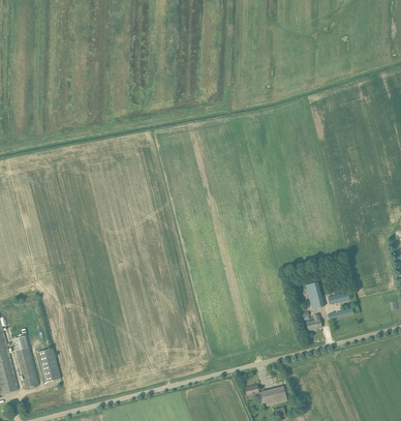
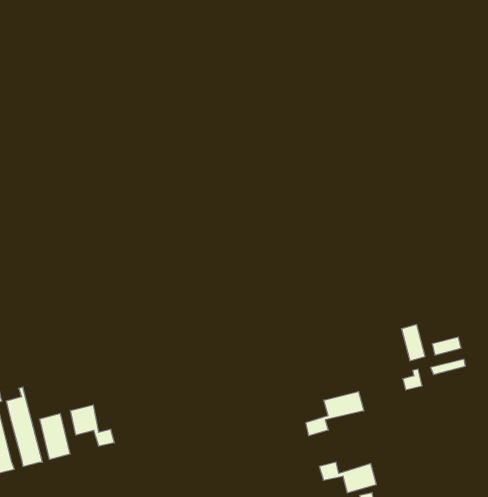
building: none -> [306,391,364,436]
building: none -> [70,405,114,446]

